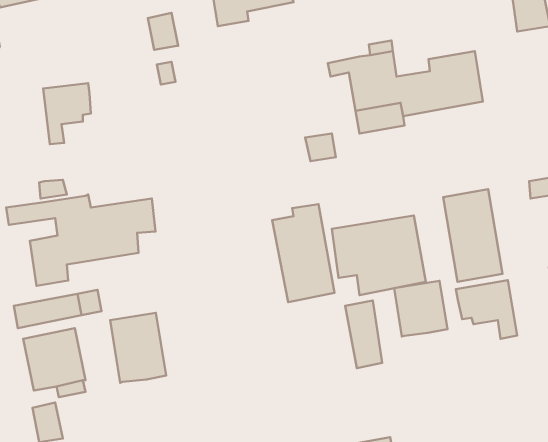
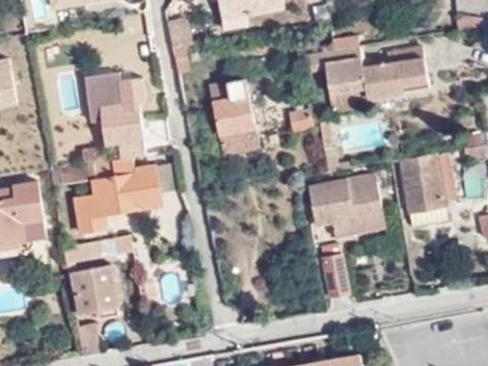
building: none -> [100,78,147,161]
building: [272,204,335,302] -> [208,79,256,156]
building: [456,280,517,339] -> none
building: [394,281,447,337] -> none
building: [110,313,166,383] -> none

